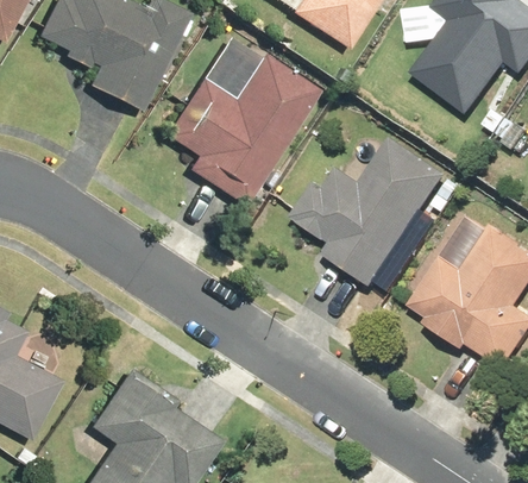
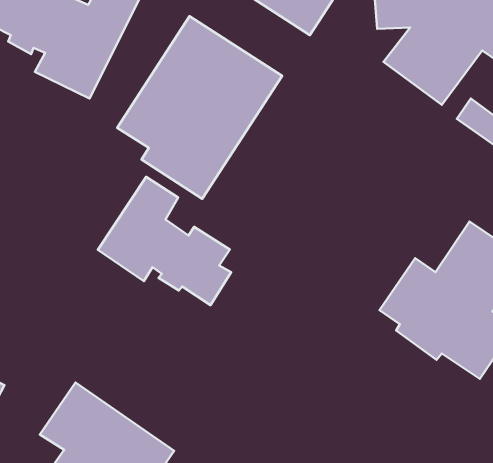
building: [293,137,453,291] -> none
building: none -> [98,177,231,305]

